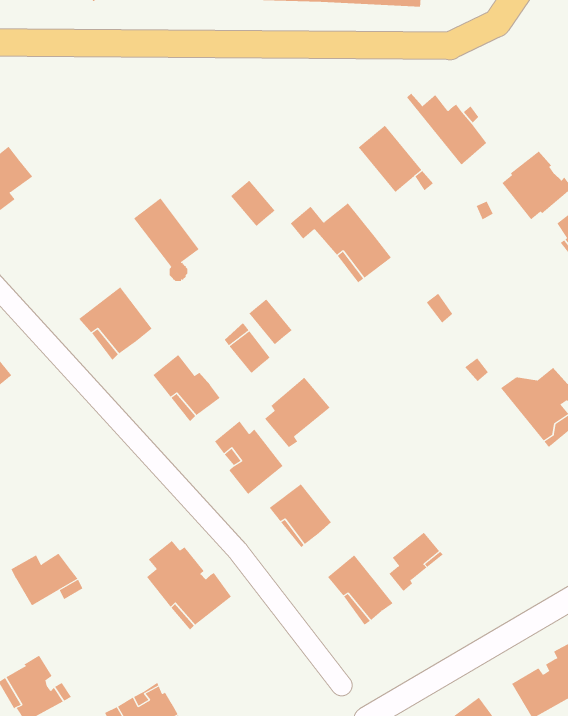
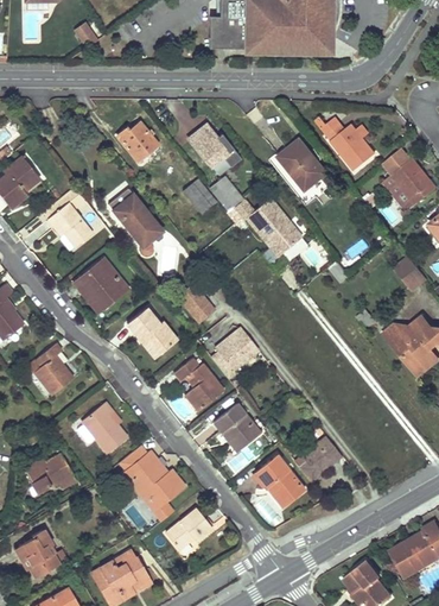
building: none -> [117,121,159,160]
building: none -> [189,128,229,168]
building: none -> [210,176,243,212]
building: none -> [44,185,91,246]
building: none -> [393,255,427,291]
building: [249,299,292,345] -> none
building: none -> [25,342,74,393]
building: none -> [81,402,127,453]
building: none -> [165,507,212,549]

